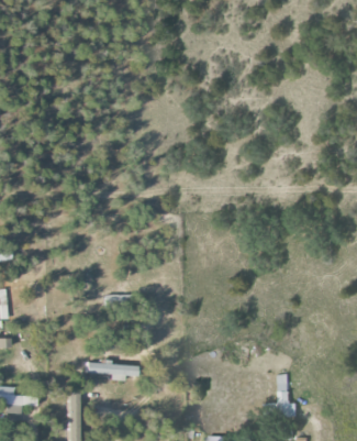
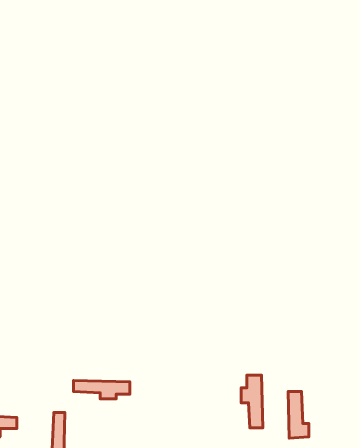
building: none -> [241,375,263,428]

